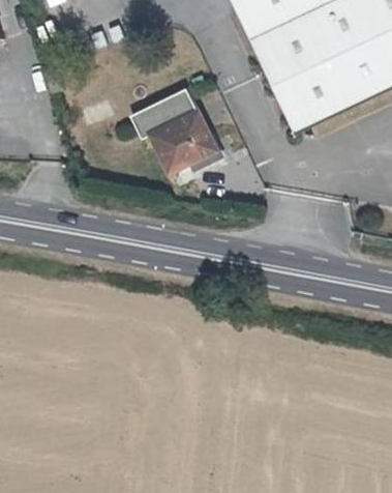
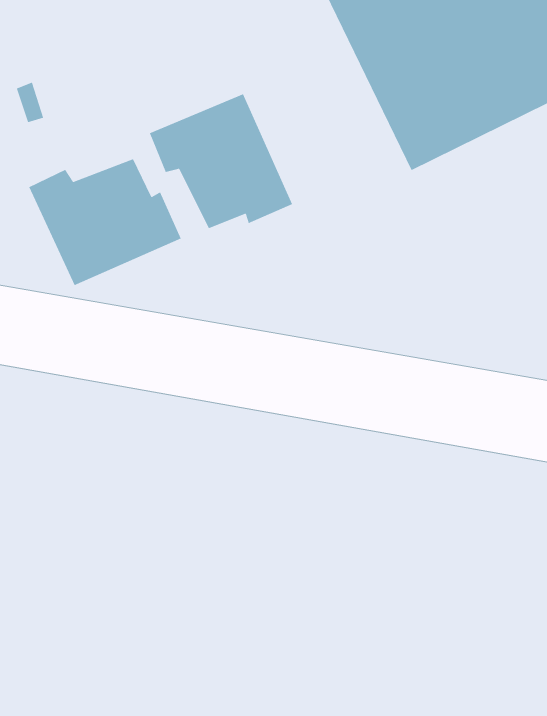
building: none -> [28,158,182,286]

